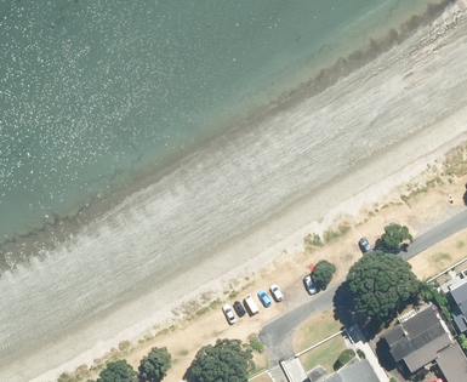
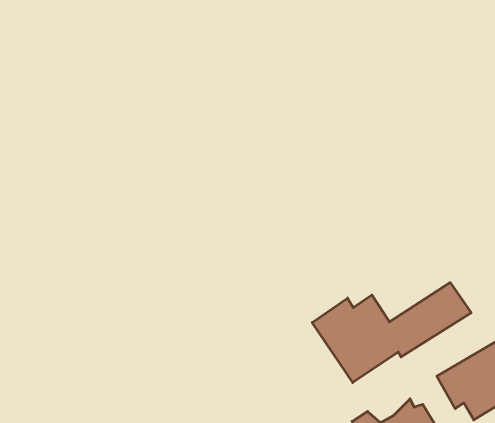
building: none -> [312,283,471,383]

